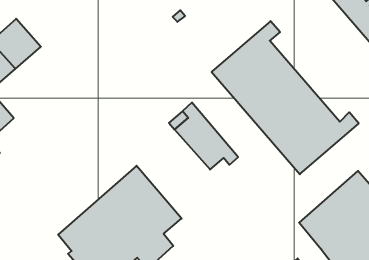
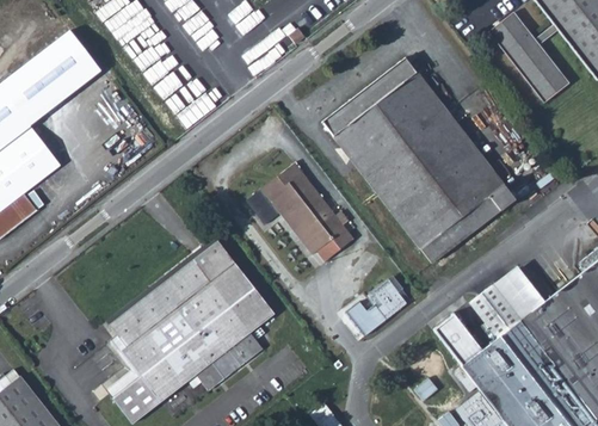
building: none -> [405,73,505,197]
building: none -> [345,284,406,340]

